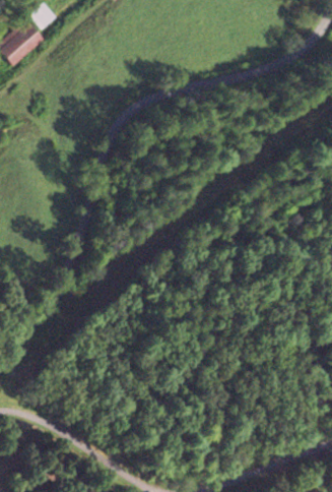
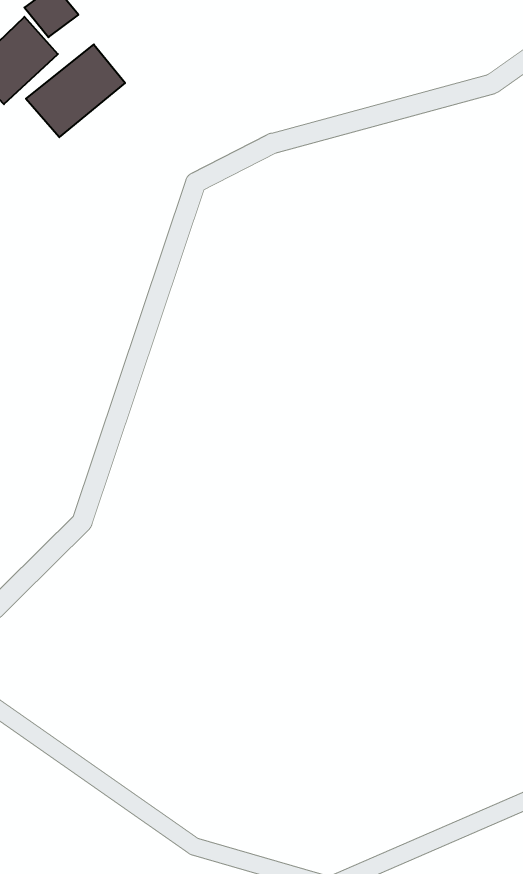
building: none -> [26,44,125,137]

